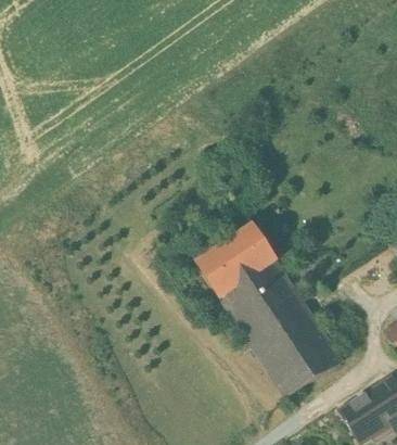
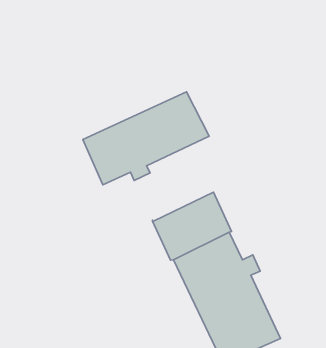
building: none -> [83,92,209,185]

